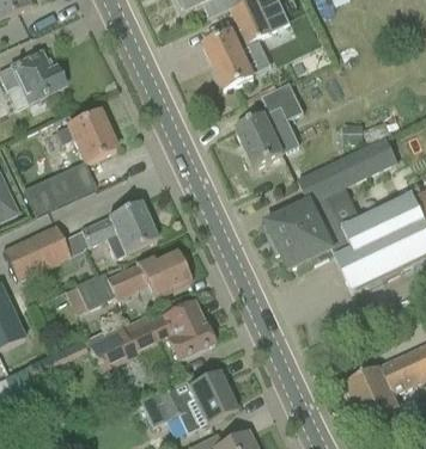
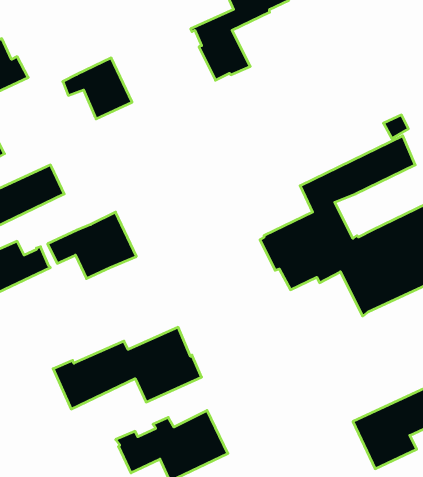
building: [236,79,304,166] -> none
building: [56,110,116,162] -> [63,58,132,119]
building: [77,250,190,308] -> none

